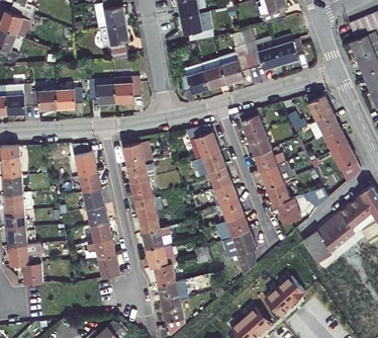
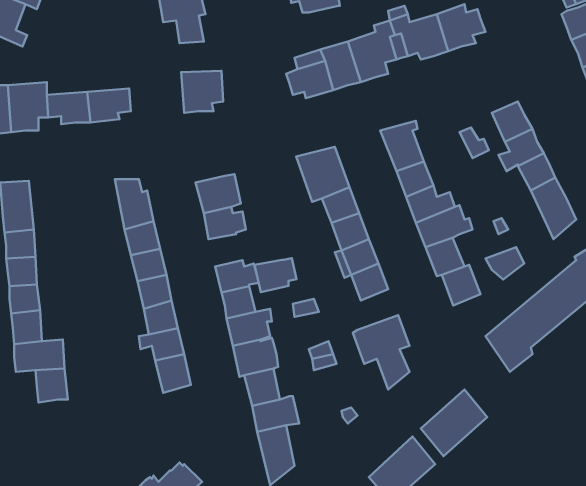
building: [88,78,115,104] -> none
building: [130,178,157,199] -> [255,258,297,292]
building: [217,214,249,239] -> none

